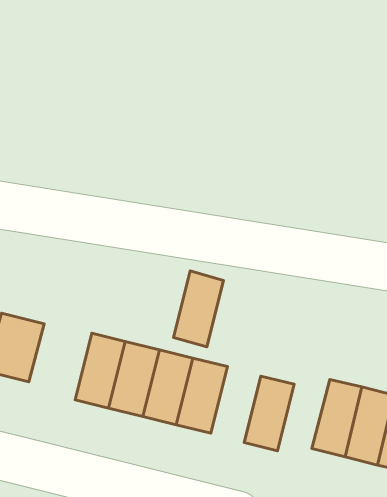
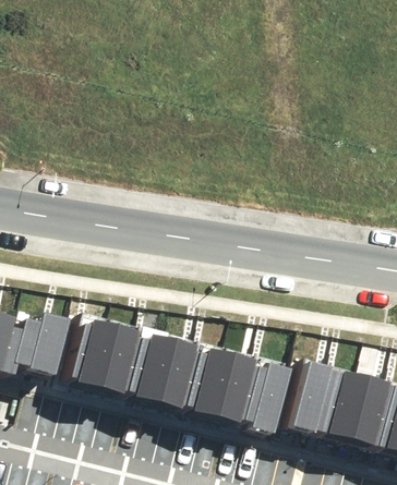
building: [173,271,223,347] -> [220,356,266,426]
building: none -> [64,318,111,387]
building: none -> [284,361,329,432]

